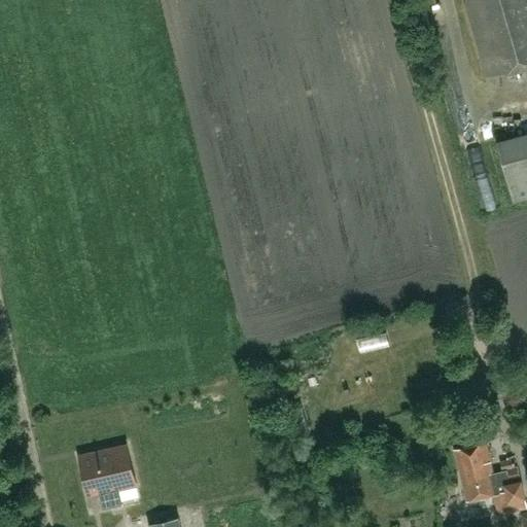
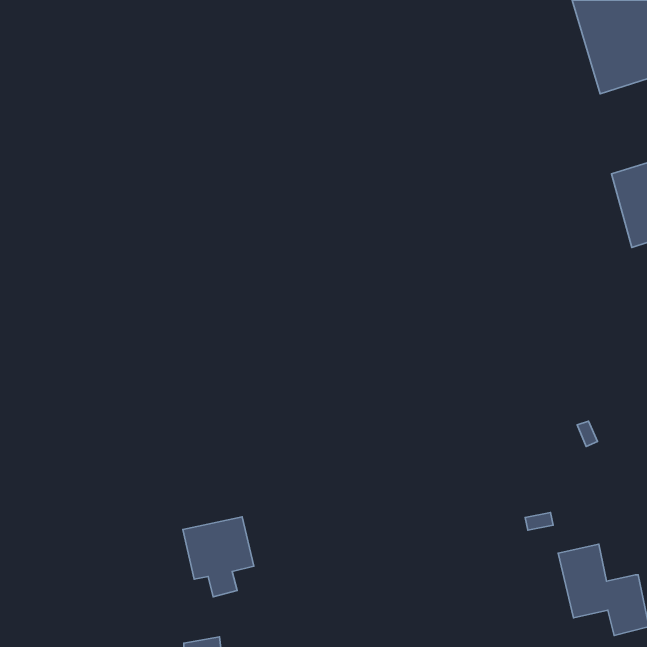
building: [79,445,137,510] -> [183,517,254,597]

